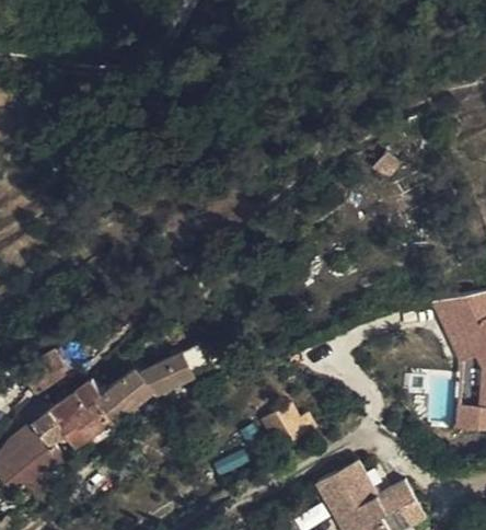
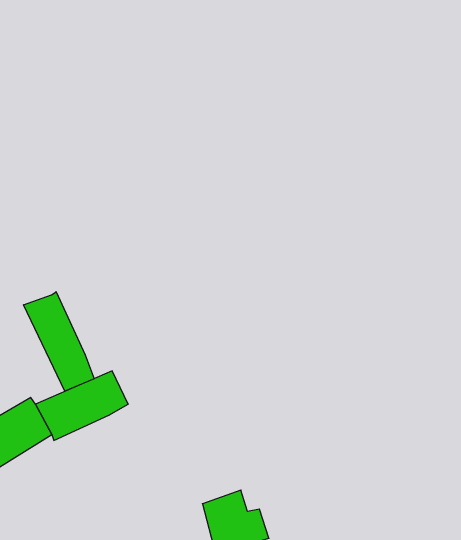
building: none -> [24,292,94,391]

